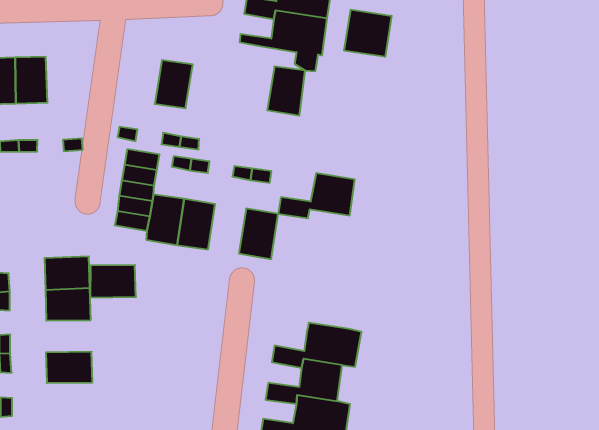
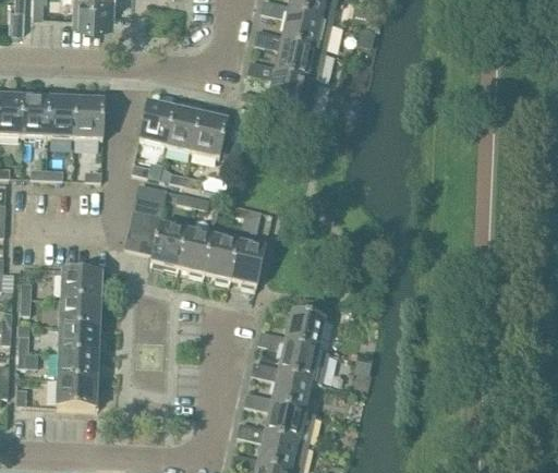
building: [344,10,392,57] -> none
building: none -> [140,100,174,144]
building: none -> [74,97,104,137]
building: [267,66,305,116] -> [192,112,227,156]
building: [278,173,355,218] -> [257,310,325,348]
building: none -> [203,233,238,277]
building: [90,265,136,298] -> [58,323,98,352]
building: none -> [56,376,96,405]

